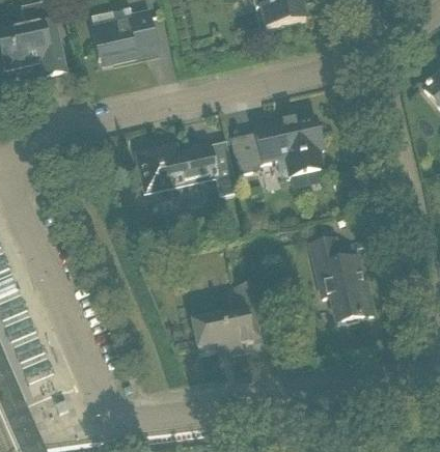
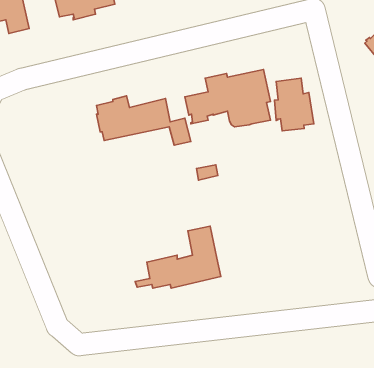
building: none -> [274,78,314,131]
building: [312,237,375,321] -> none

